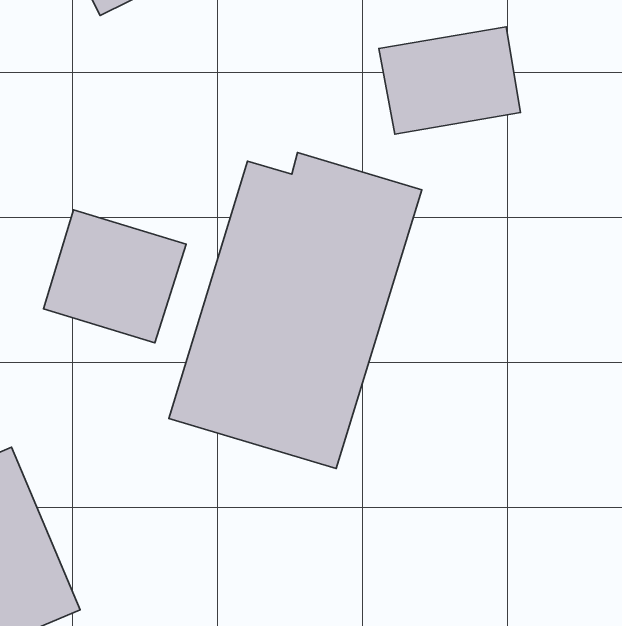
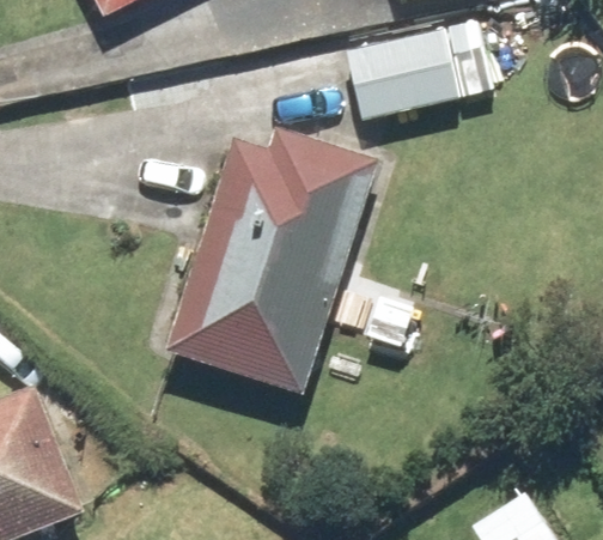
building: [44,210,186,343] -> none

